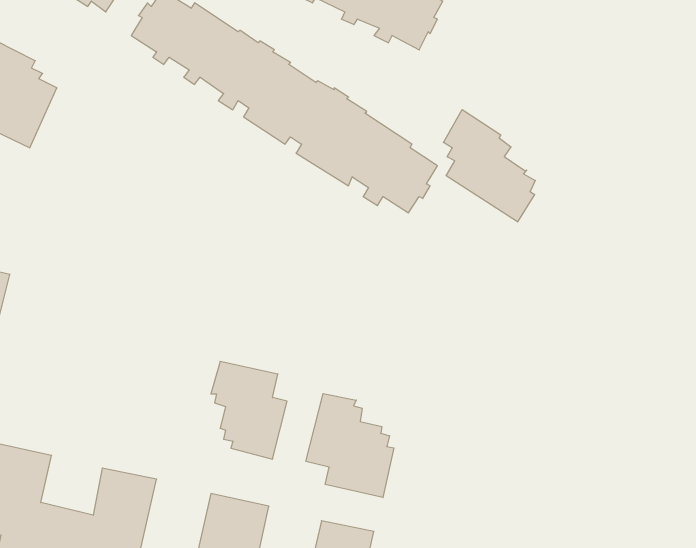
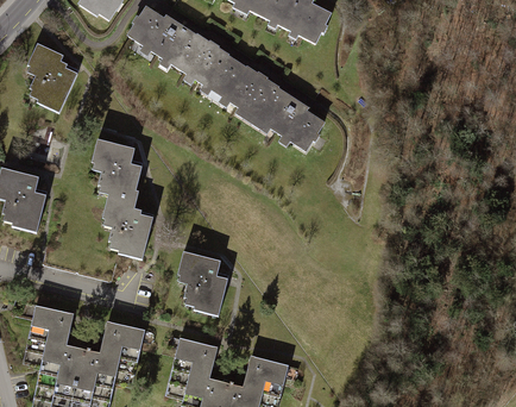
building: [443,110,535,222] -> none
building: none -> [93,138,153,257]
building: [306,394,394,498] -> none

